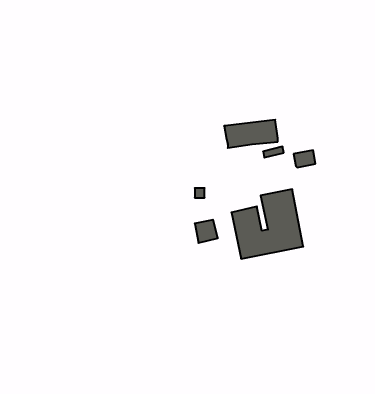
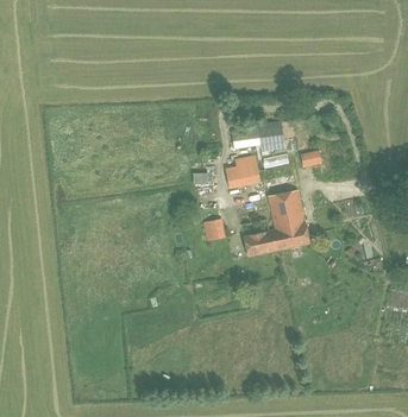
building: none -> [224,160,259,188]

